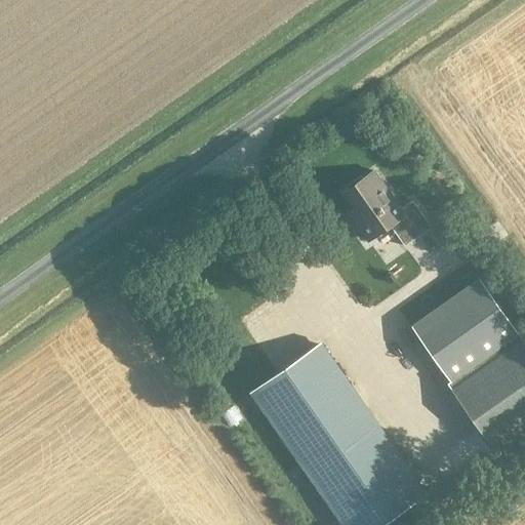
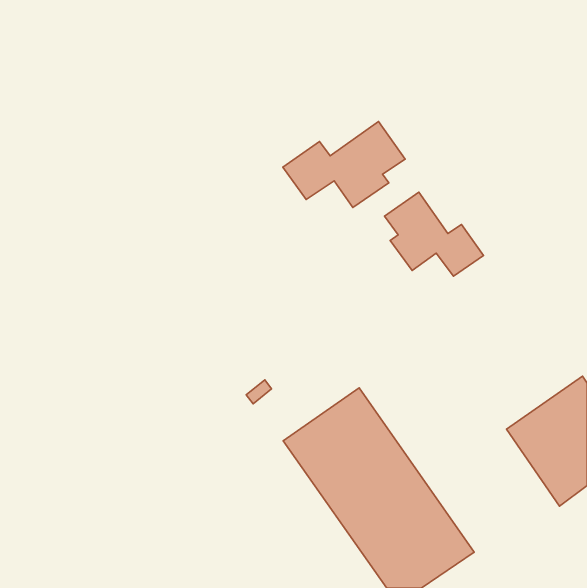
building: none -> [283,122,405,207]
building: [411,278,519,382] -> none

